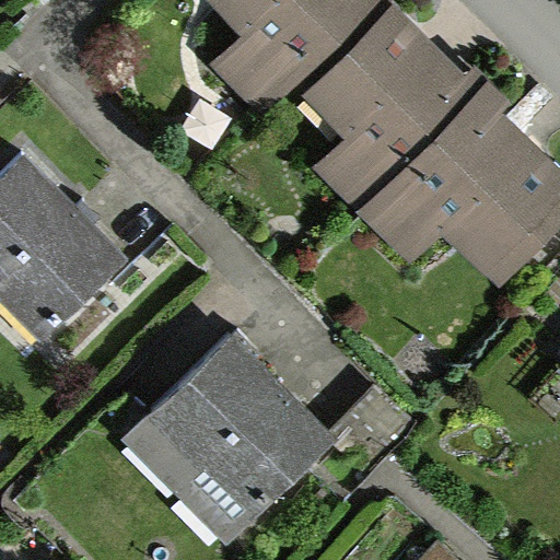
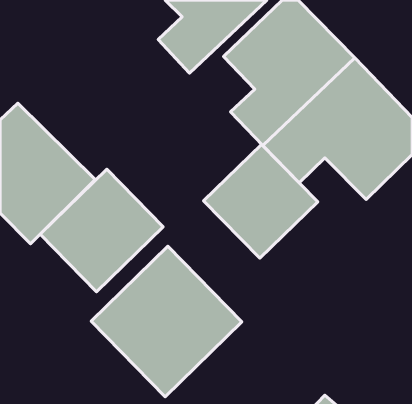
building: none -> [204,144,318,258]
building: none -> [40,169,163,292]

